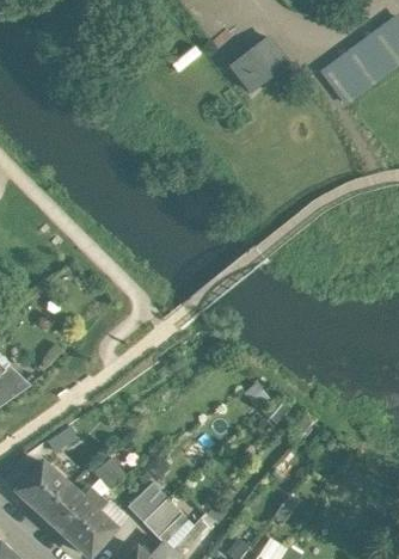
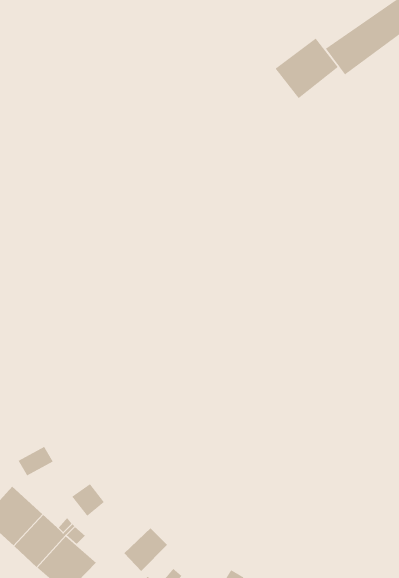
building: [231,38,288,93] -> [274,38,339,99]
building: [125,483,165,521] -> none

